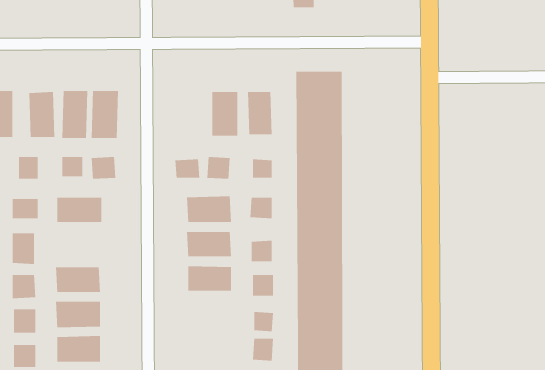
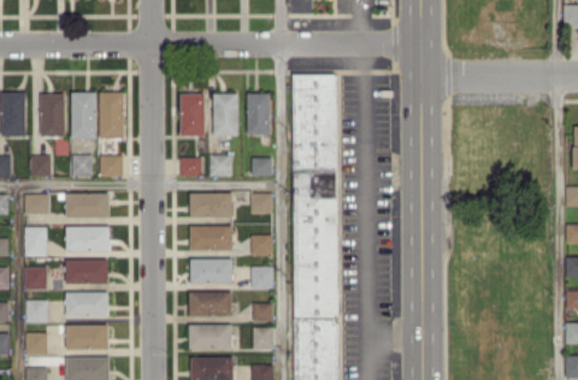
building: none -> [179,94,205,136]
building: none -> [66,227,110,251]
building: none -> [188,291,231,317]
building: none -> [189,325,231,350]

